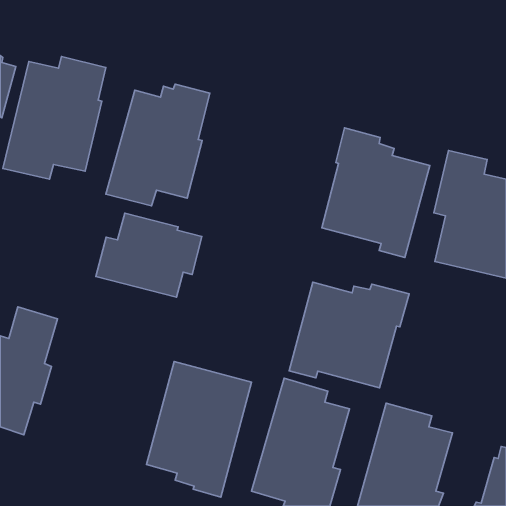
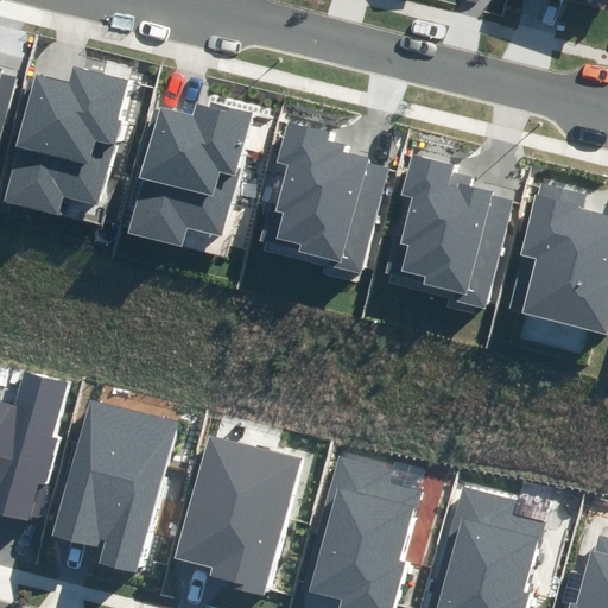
building: none -> [264,122,388,274]
building: [96,213,202,297] -> none
building: [289,282,409,388] -> none
building: none -> [52,400,176,575]

